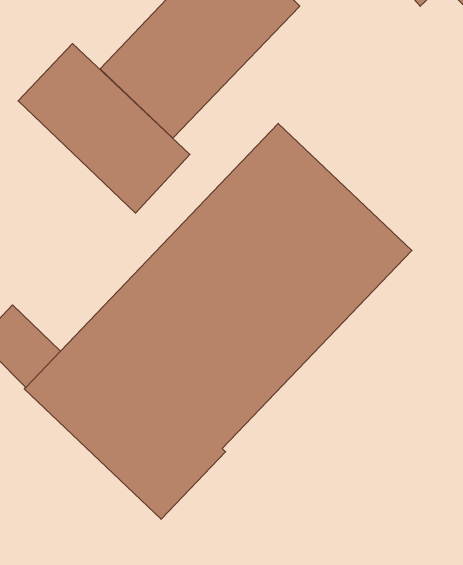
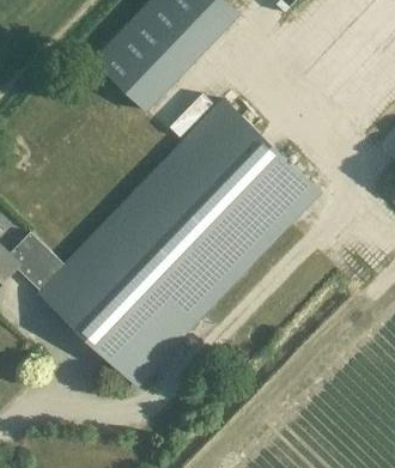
building: [18,44,190,213] -> none

